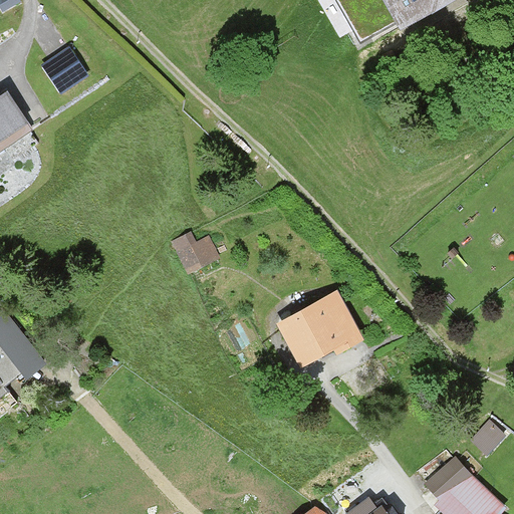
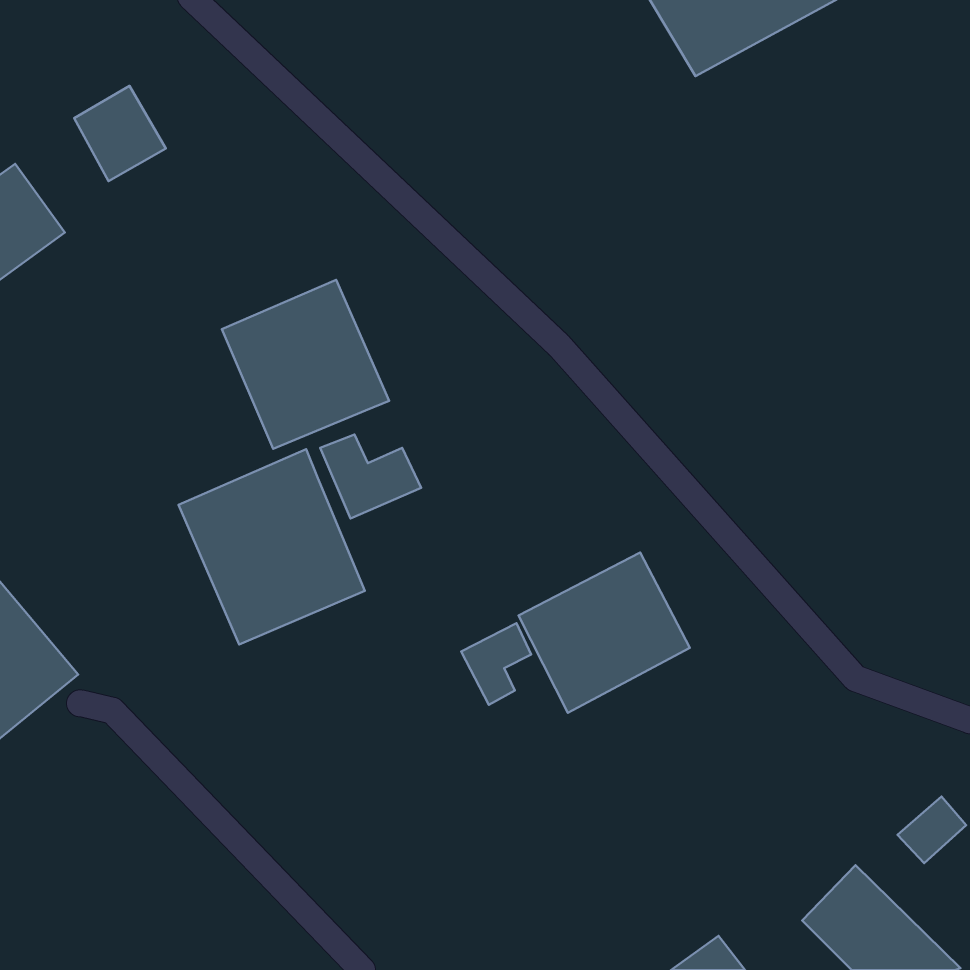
building: none -> [222,280,389,449]
building: none -> [179,449,365,645]
building: none -> [461,623,531,705]

